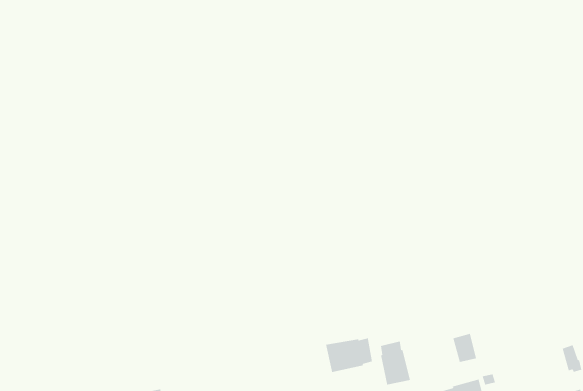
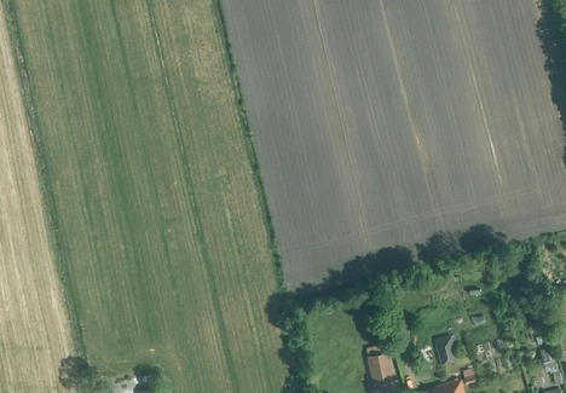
building: [326,337,372,373] -> none

